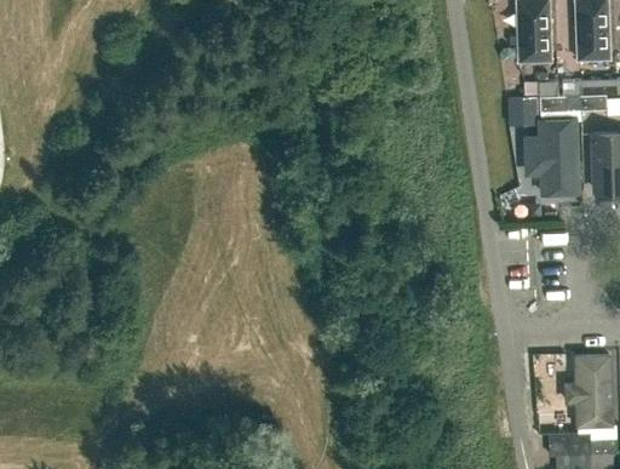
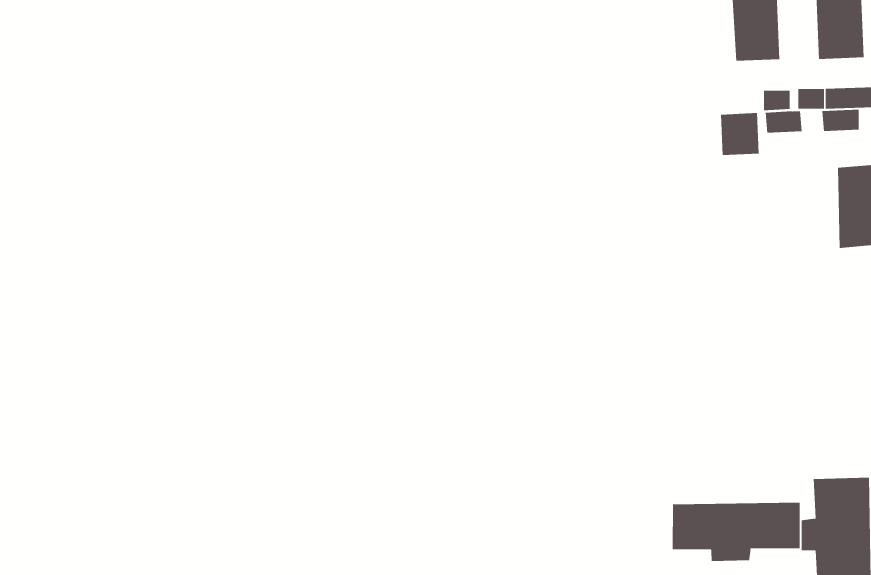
building: [526,121,584,198] -> none
building: none -> [672,502,800,562]

